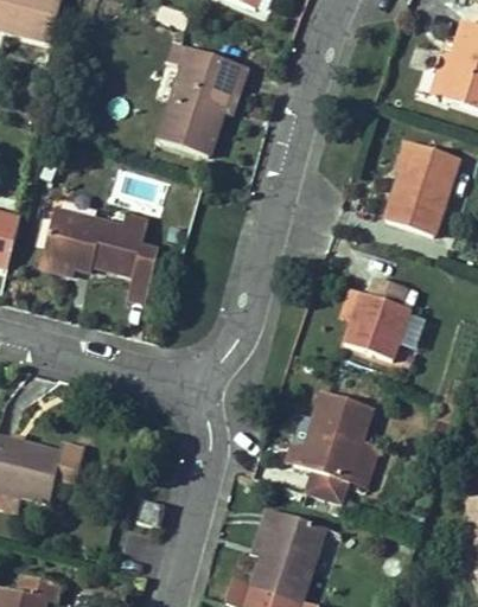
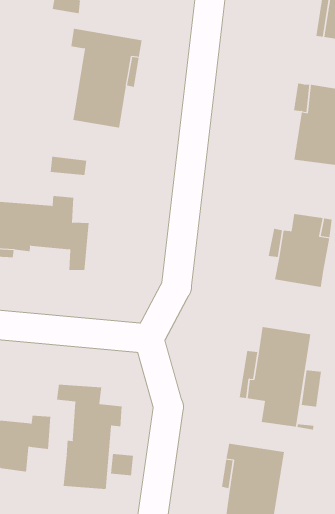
building: none -> [57,384,122,490]

